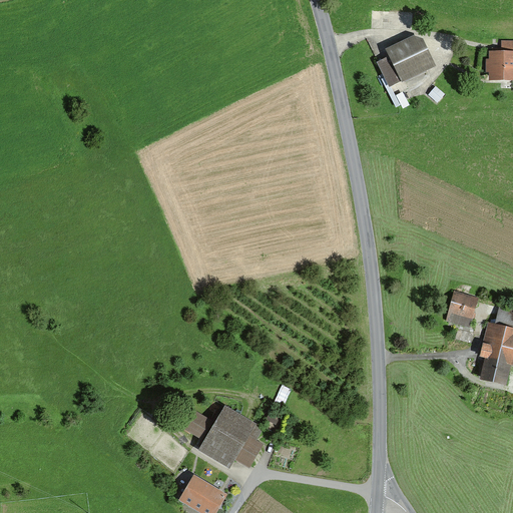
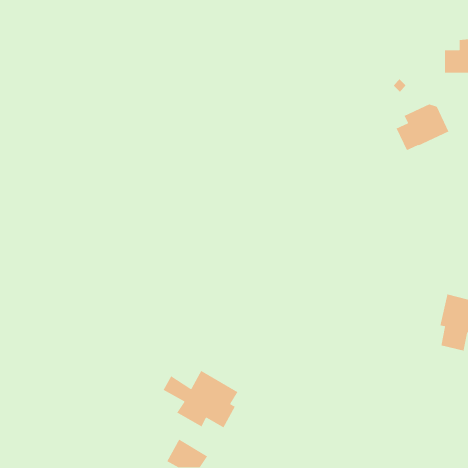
building: [378,34,437,86] -> [395,104,449,151]
building: [448,295,477,327] -> none

